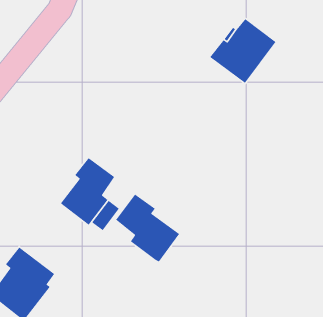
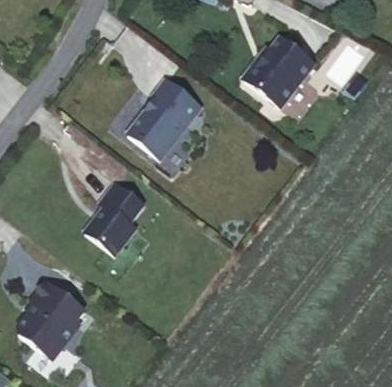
building: none -> [127,78,200,157]
building: [115,194,180,263] -> none

